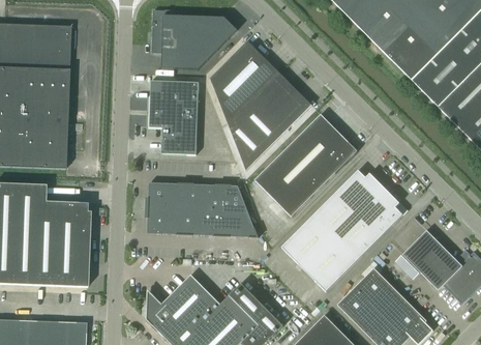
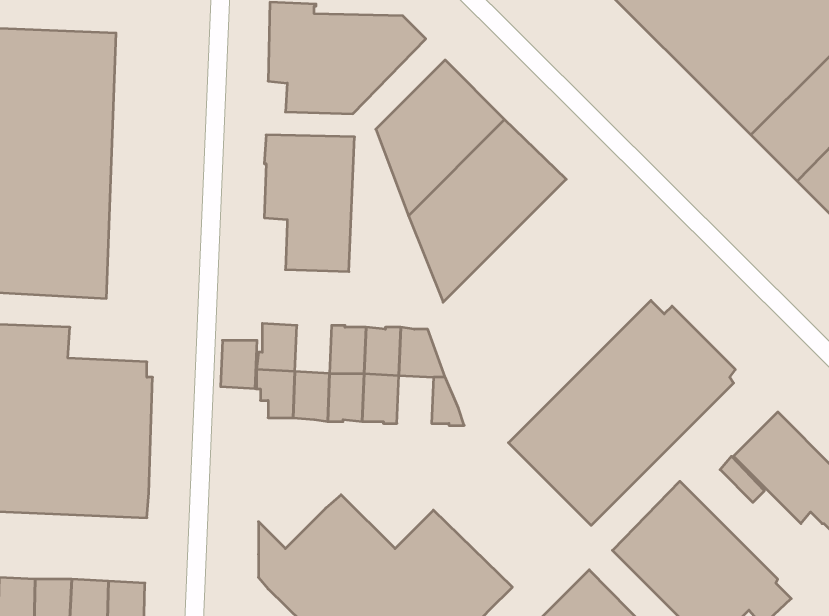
building: [254,114,357,217] -> none
building: [167,183,186,209] -> [221,340,257,389]
building: [221,210,241,236] -> none

